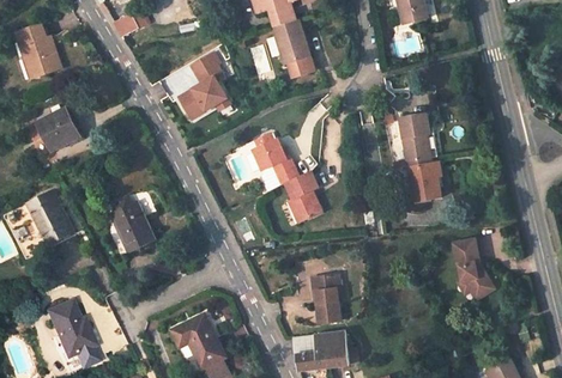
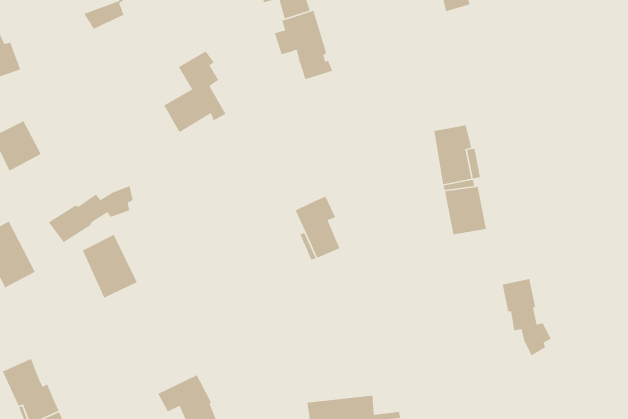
building: [250,139,295,184] -> none
building: none -> [48,185,133,243]
building: [310,272,340,323] -> none

